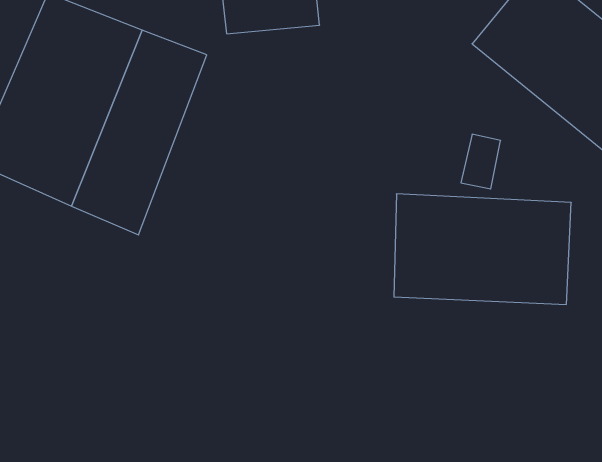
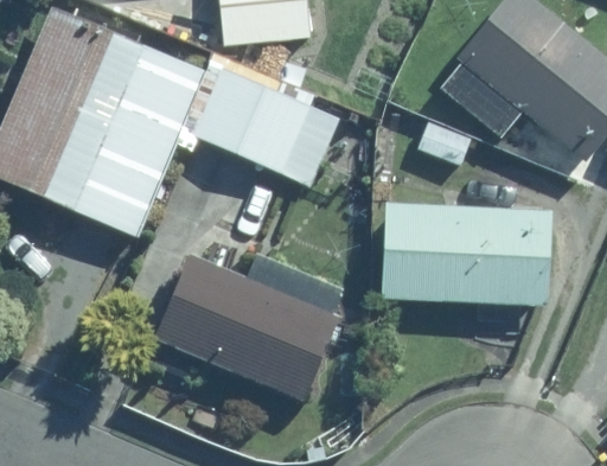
building: none -> [191,66,339,186]
building: none -> [159,256,346,401]

